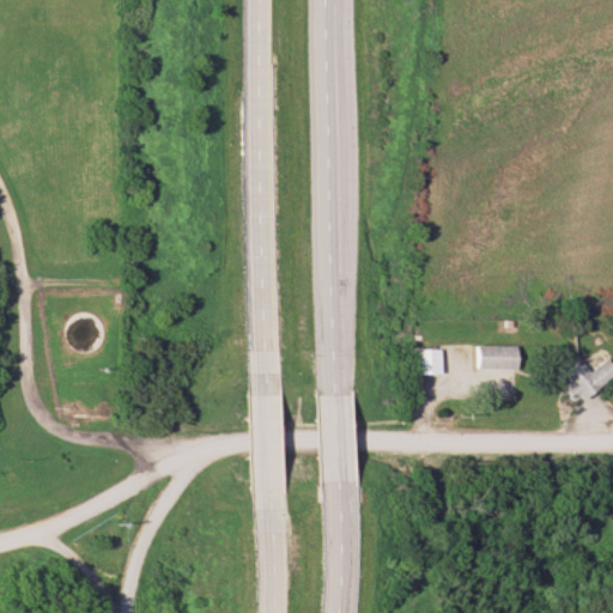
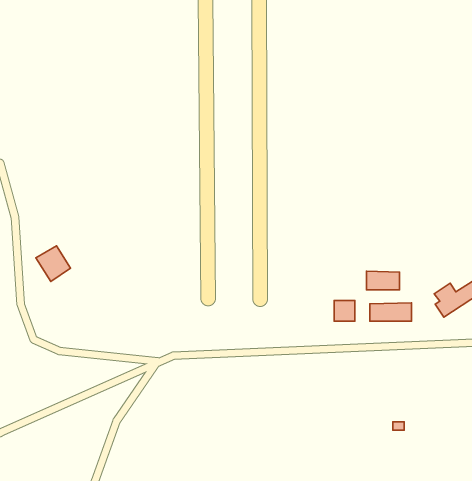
building: [419,348,445,375] -> [334,301,355,321]
building: none -> [370,303,412,321]

